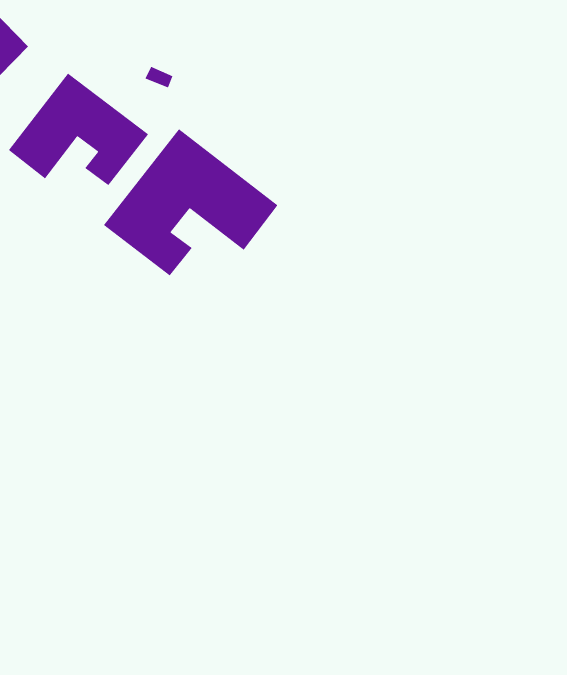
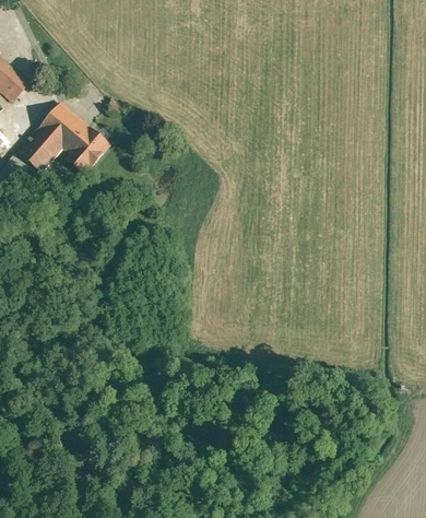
building: [103,128,278,276] -> none

